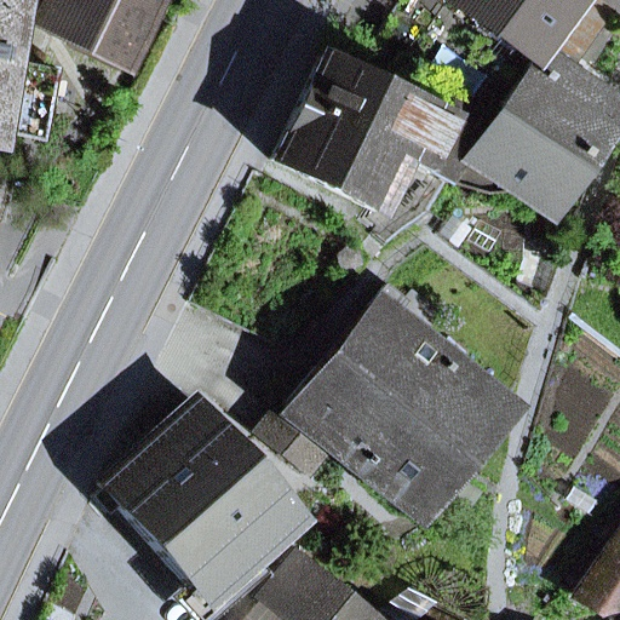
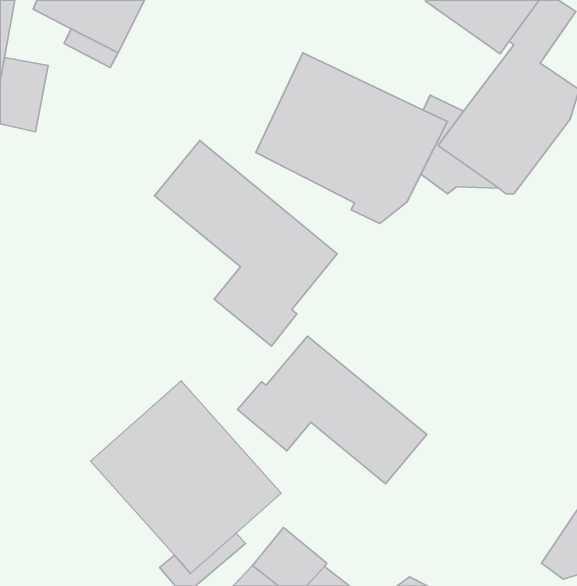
building: none -> [154,140,337,346]
building: [334,285,505,459] -> none

